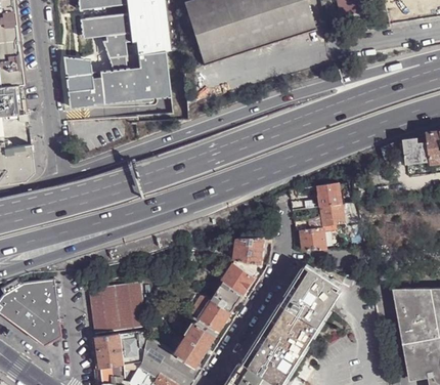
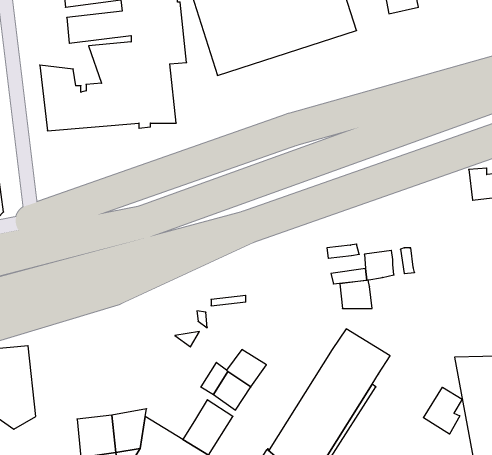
building: [318,182,343,206] -> none
building: [234,237,265,263] -> none
building: [222,262,254,294] -> none
building: [89,281,145,333] -> none
building: none -> [423,387,462,434]

